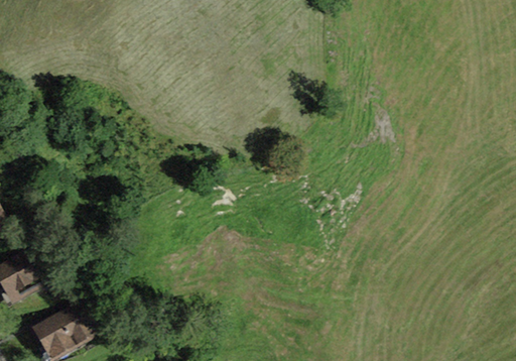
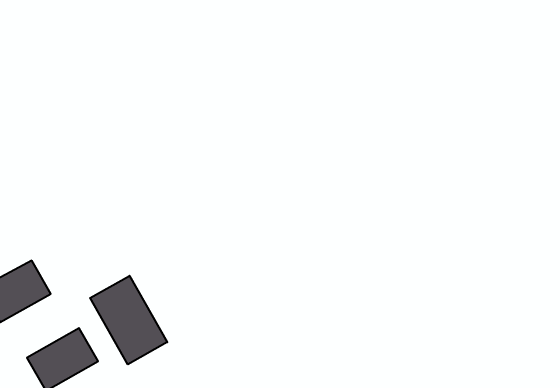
building: none -> [90,276,167,364]

